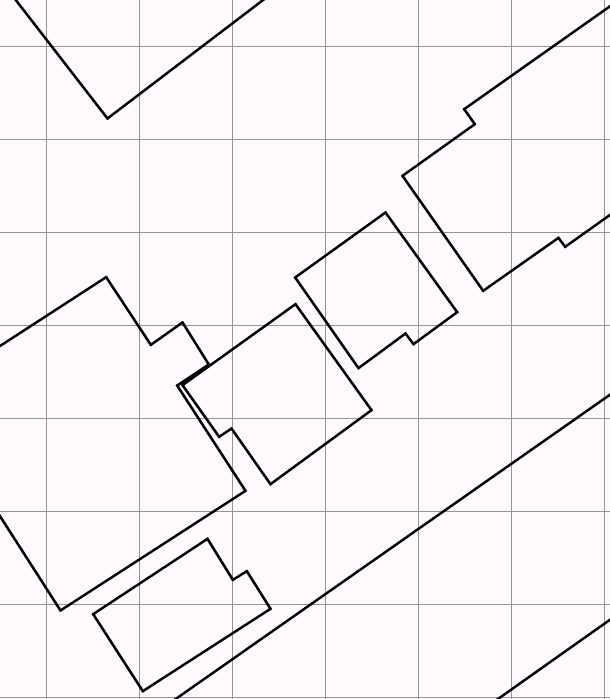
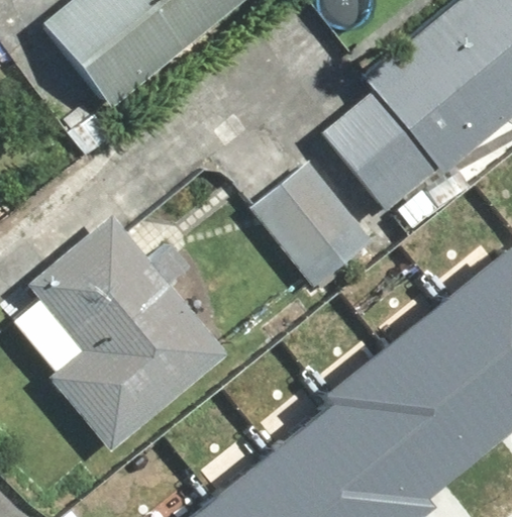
building: [183,304,371,484] -> none
building: [93,539,271,691] -> none

